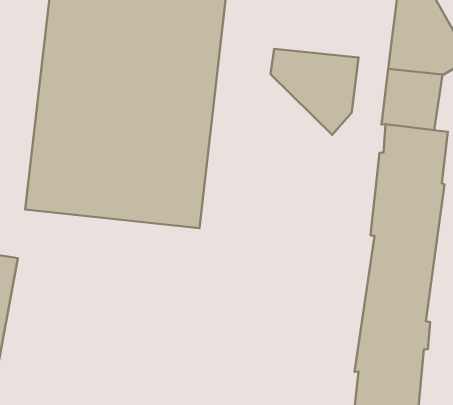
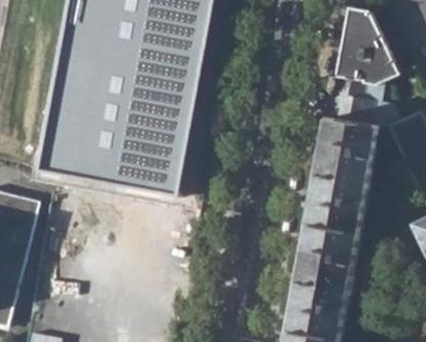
building: [271,49,359,135] -> none

